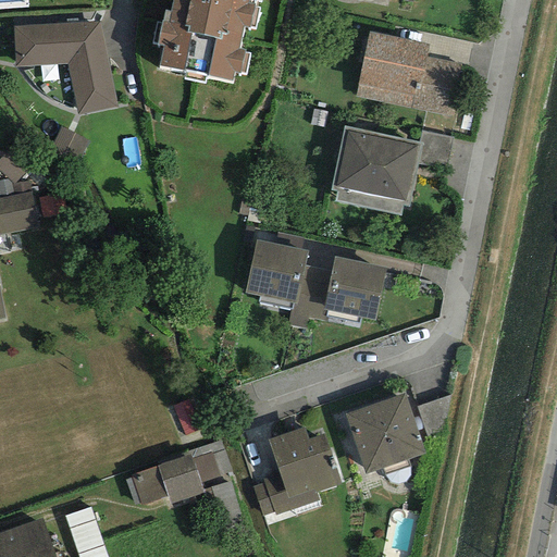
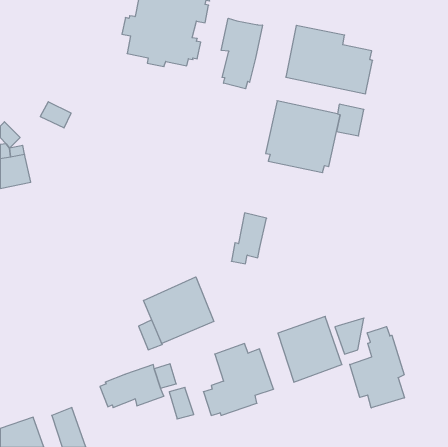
building: [13,21,116,114] -> none
building: none -> [221,18,262,89]
building: [244,239,307,302] -> none
building: [322,256,386,320] -> none
building: none -> [144,277,214,344]
building: none -> [350,327,404,408]

